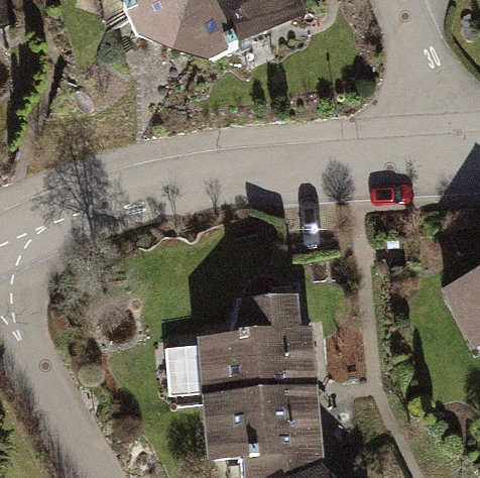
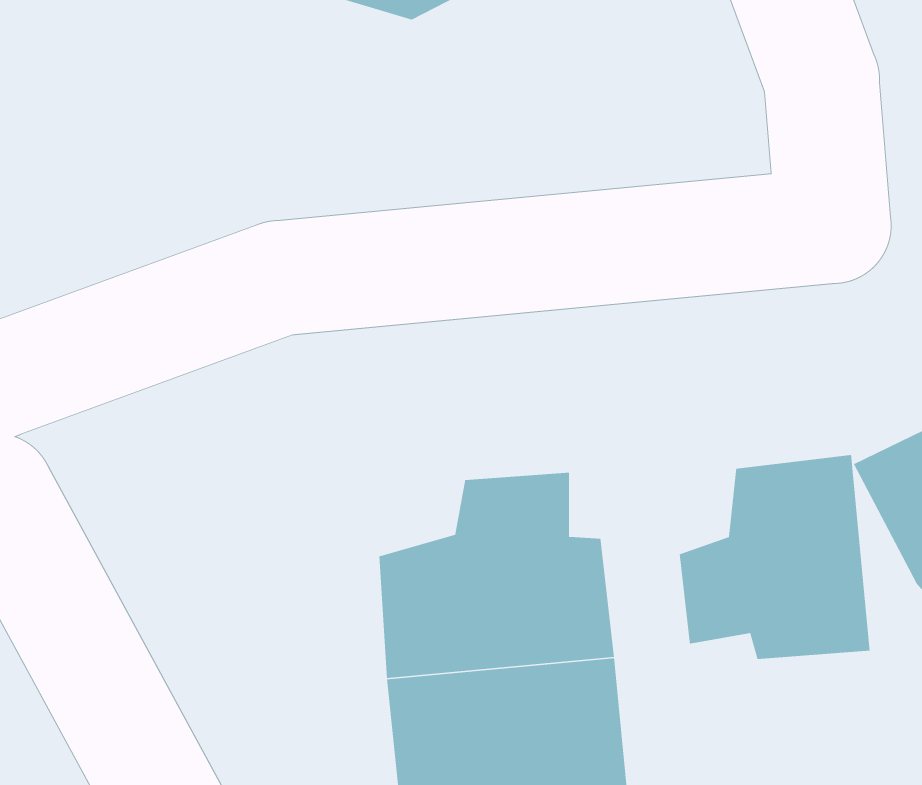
building: none -> [679,454,870,660]

